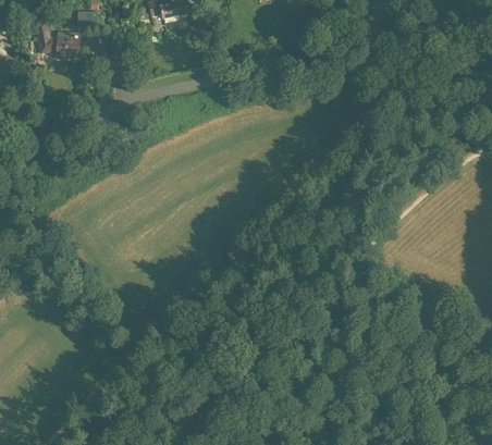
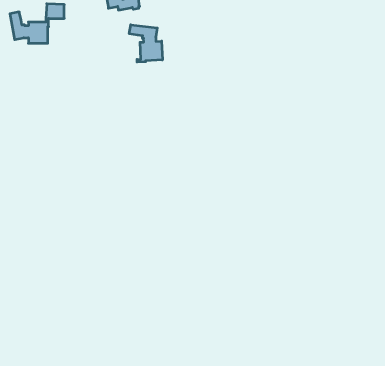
building: none -> [129,25,162,62]

